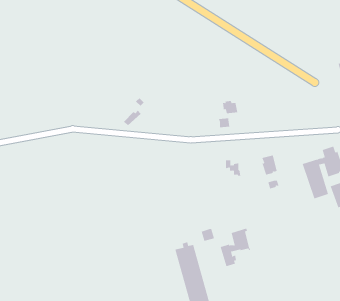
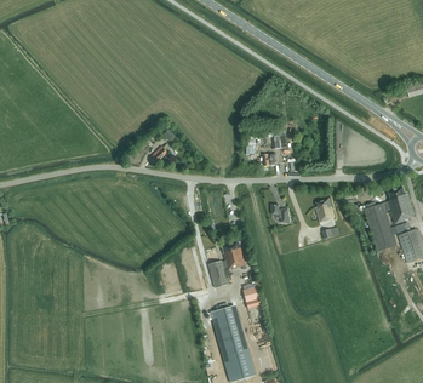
building: [220,228,251,267] -> [208,240,246,287]

